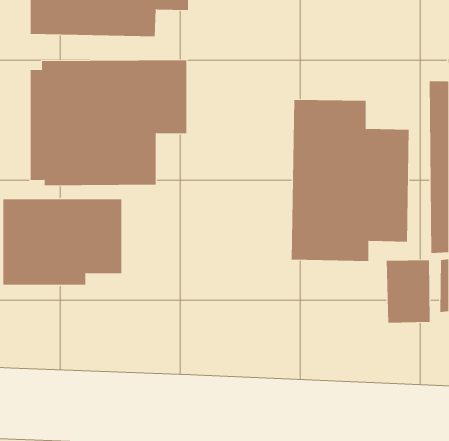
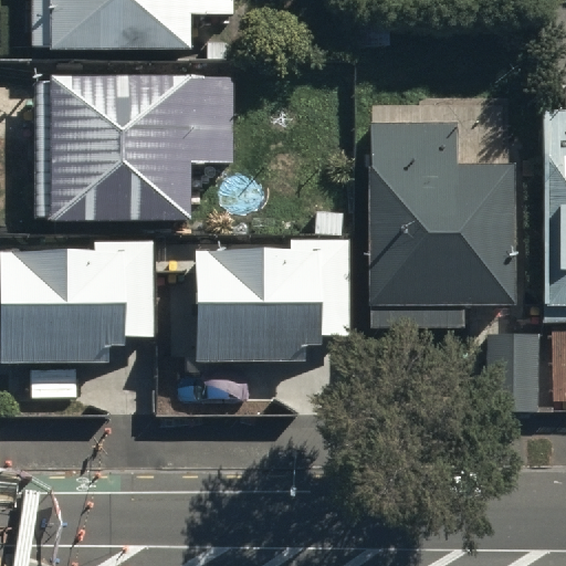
building: none -> [198,247,353,357]

